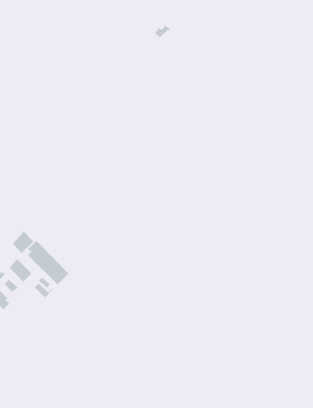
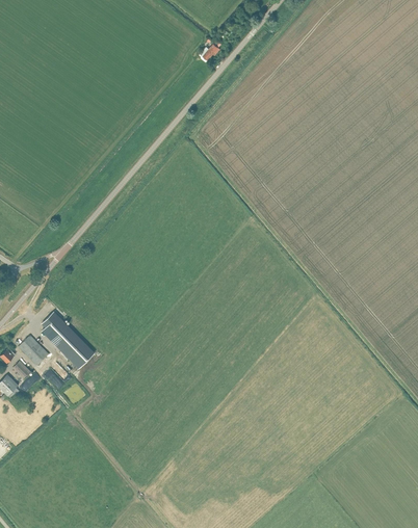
building: [12,231,34,254] -> none

